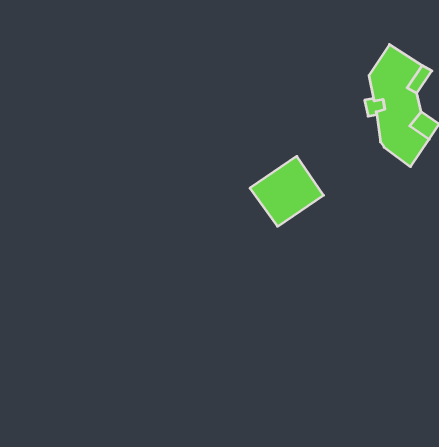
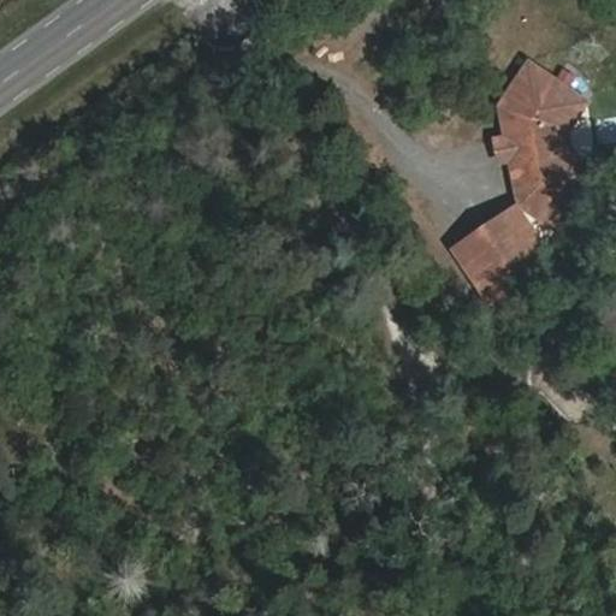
building: [250,156,324,226] -> [451,202,551,297]

